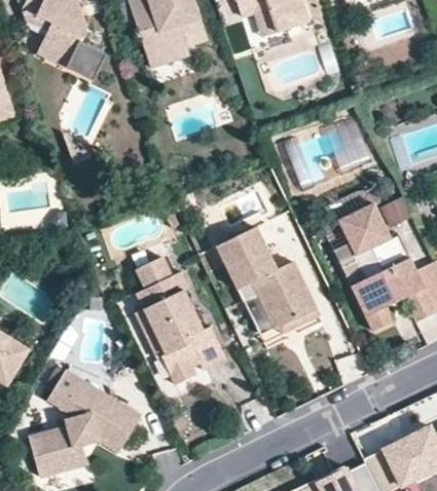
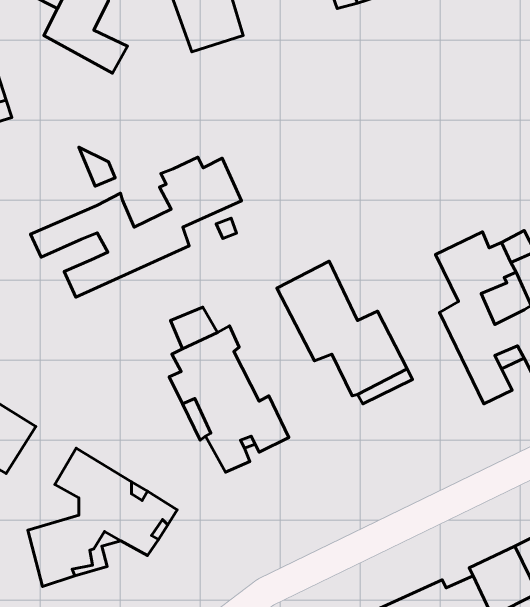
building: none -> [31,157,241,297]

